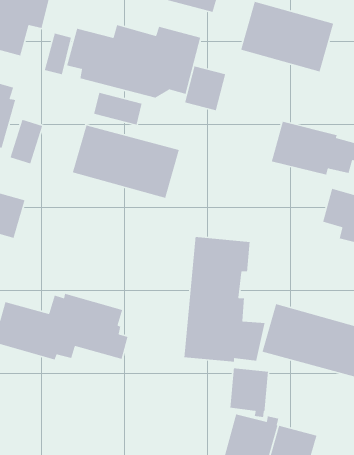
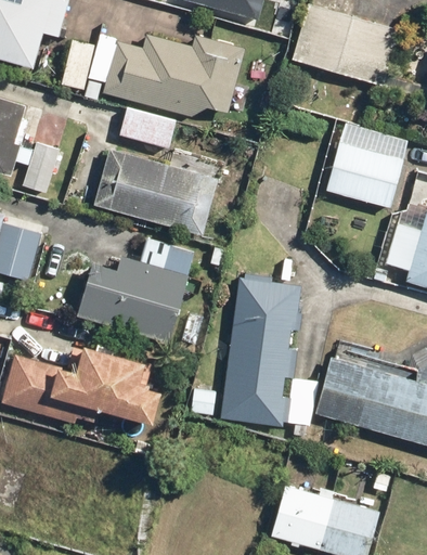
building: [184,65,226,111] -> none
building: none -> [76,238,194,340]
building: [229,367,269,418] -> none

